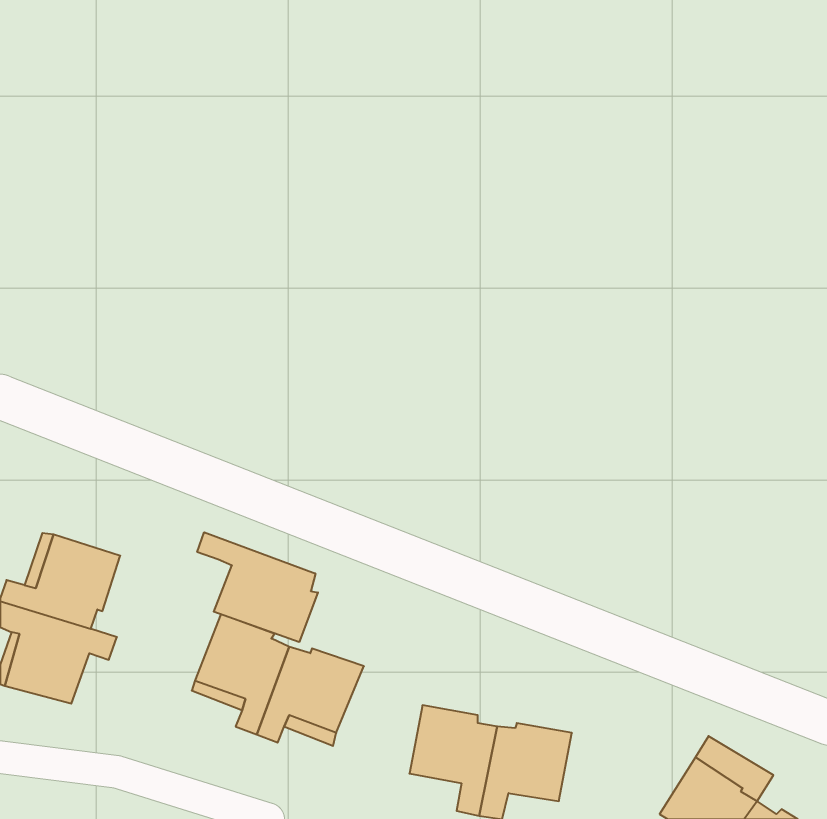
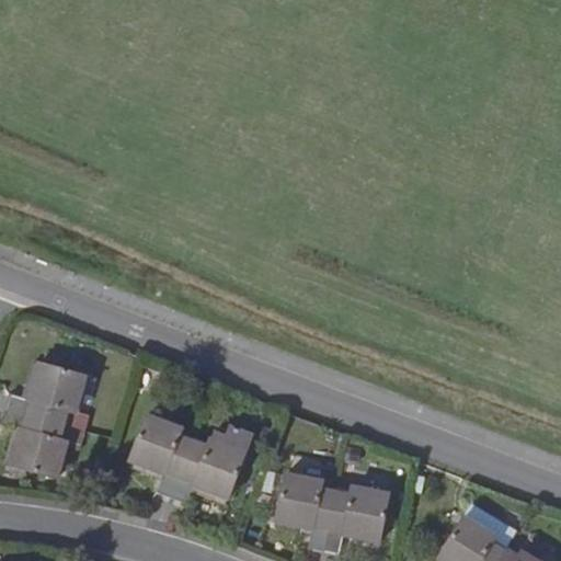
building: [197,532,318,642] -> none

